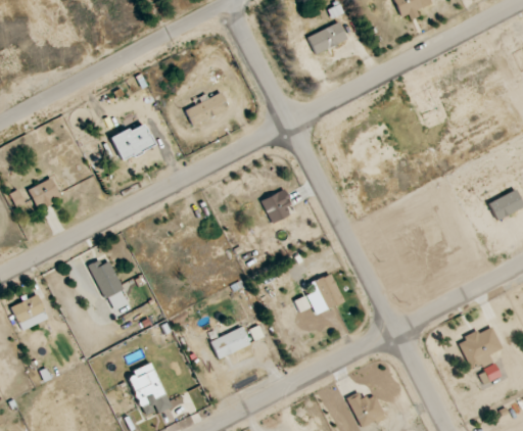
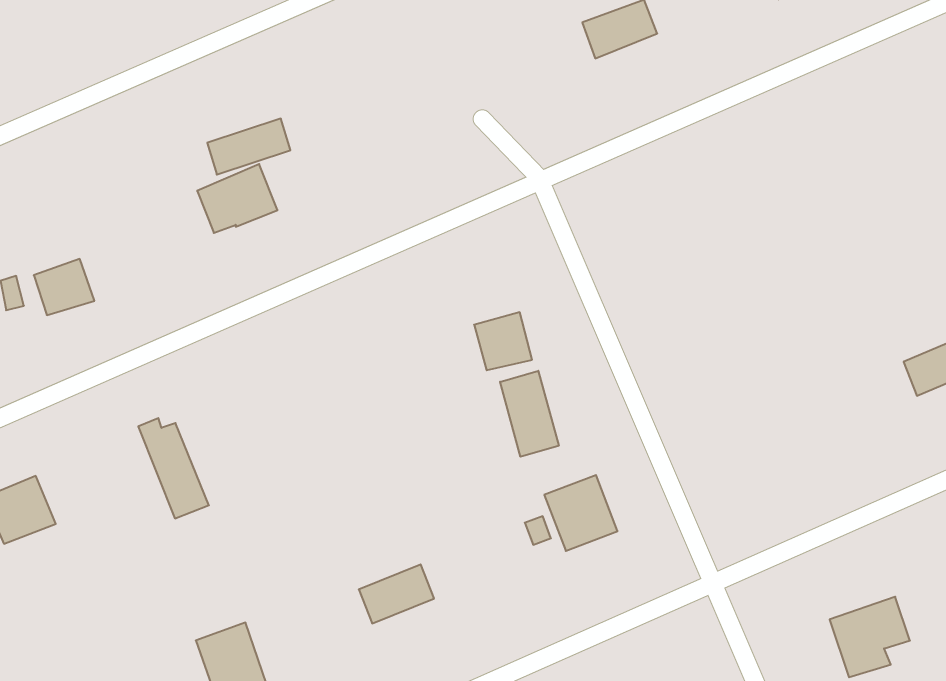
building: [185,93,229,125] -> [207,119,290,175]
building: none -> [500,371,559,457]

